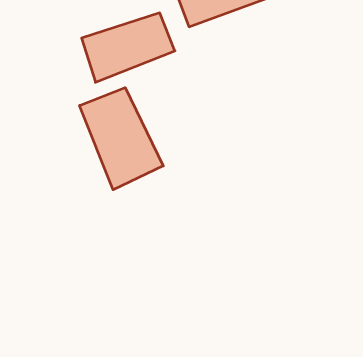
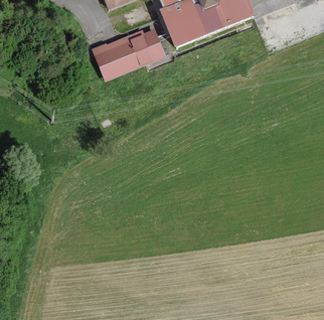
building: [80,88,163,190] -> none

